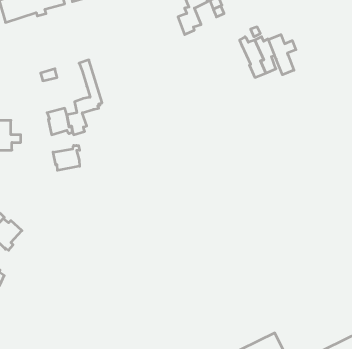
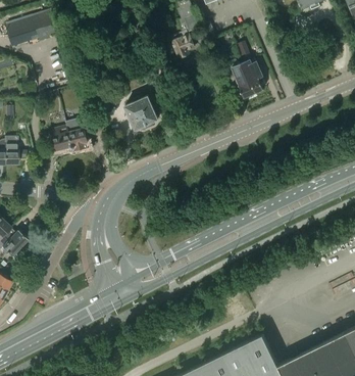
building: [268,35,296,75] -> none
building: none -> [125,97,158,131]
building: [53,145,80,170] -> none

